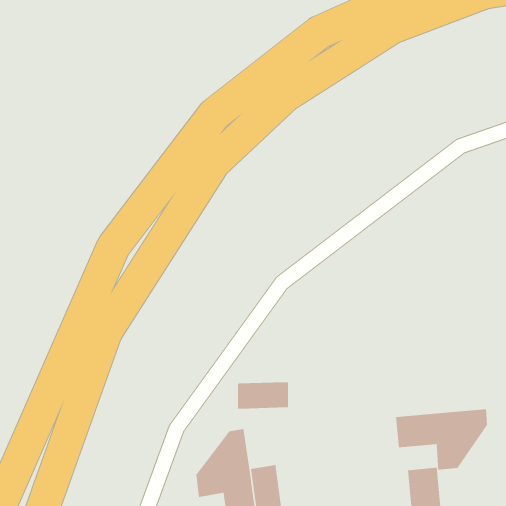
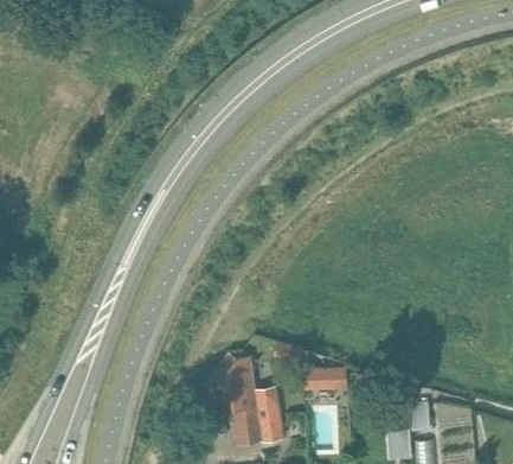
building: [237,382,289,409] -> [304,366,347,388]
building: [396,409,488,471] -> none

